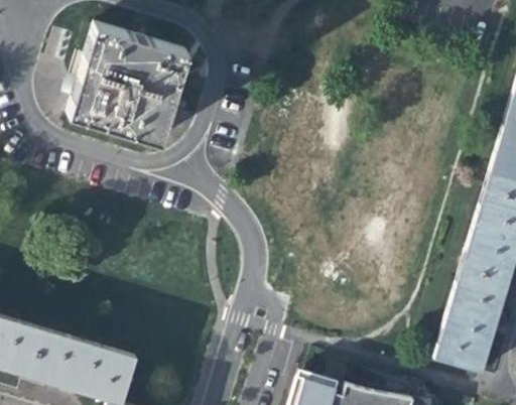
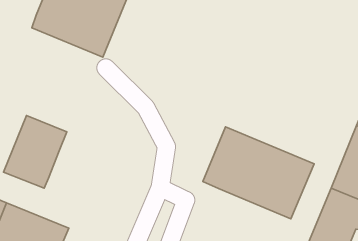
building: none -> [203,127,314,219]
building: none -> [4,115,67,188]

